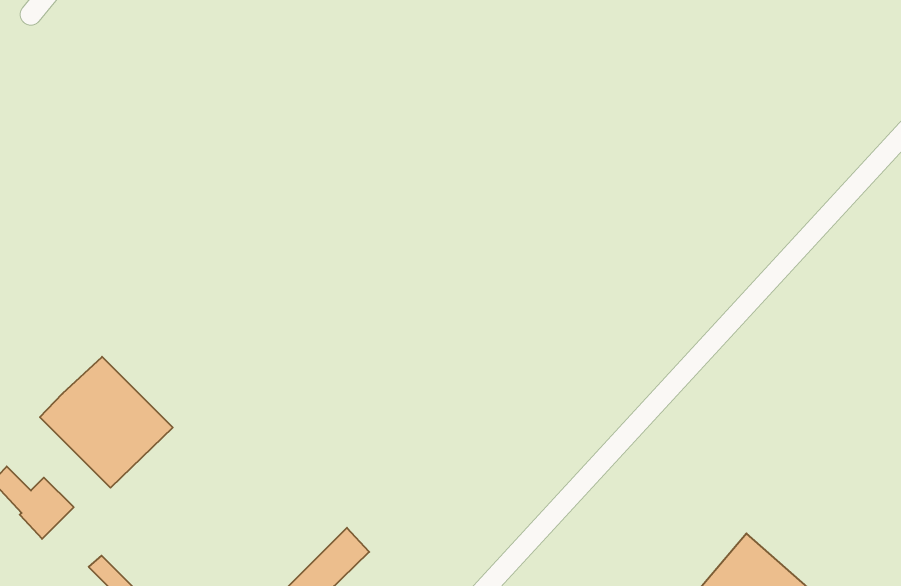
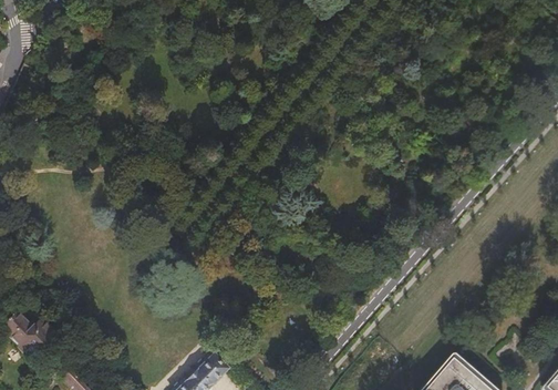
building: [40,357,173,488] -> none

